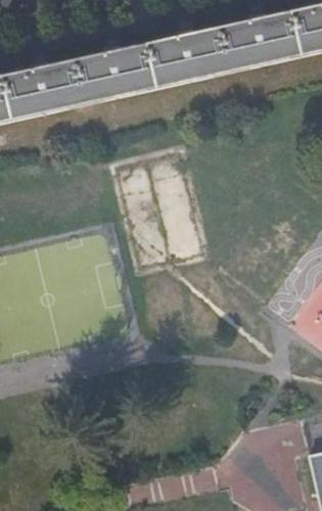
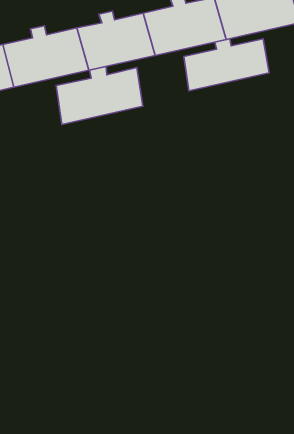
building: none -> [184,39,269,91]
building: none -> [56,66,143,124]

